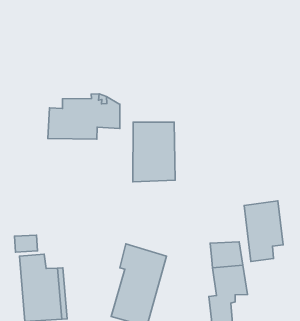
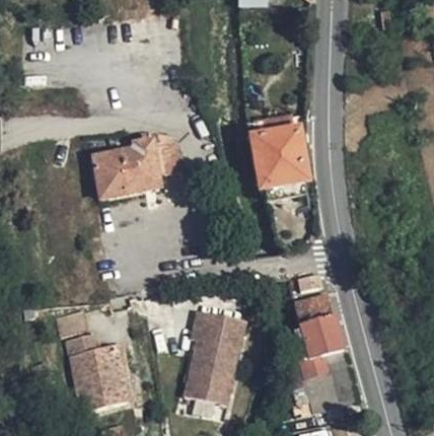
building: [133,122,175,182] -> [252,115,308,189]
building: [244,201,283,262] -> none

